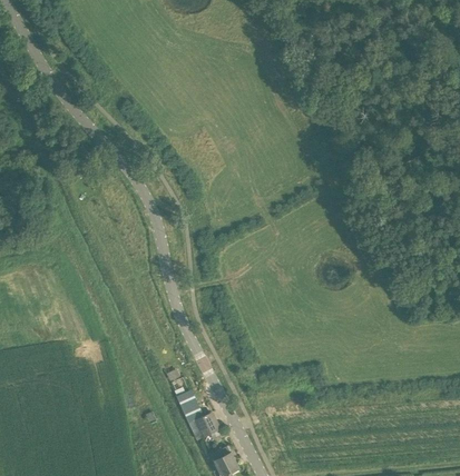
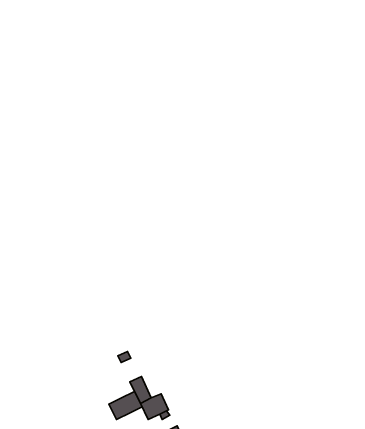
building: none -> [109,392,142,419]

